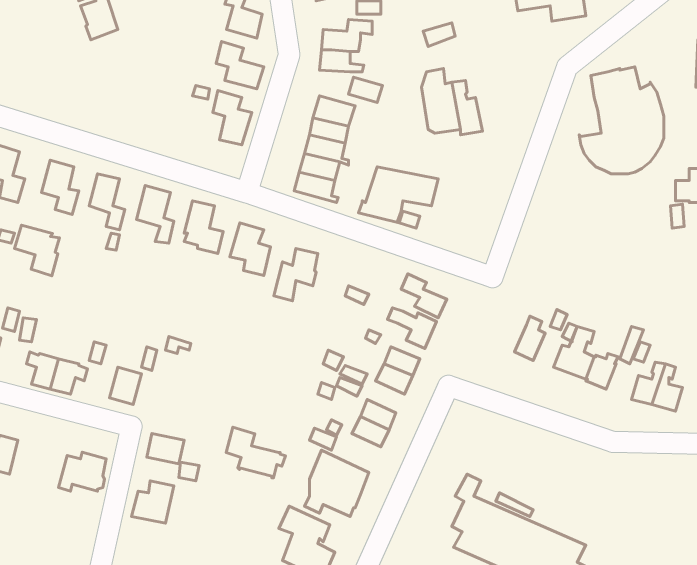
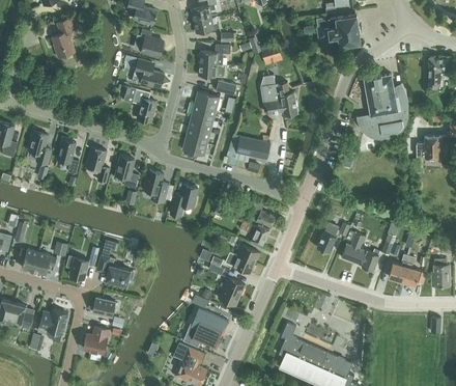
building: [14,225,59,276] -> none
building: [226,427,285,478] -> [96,254,133,285]
building: none -> [7,302,33,329]

